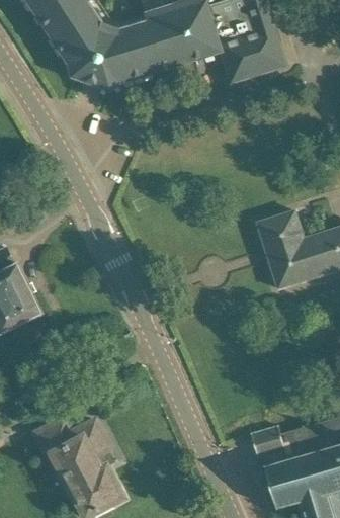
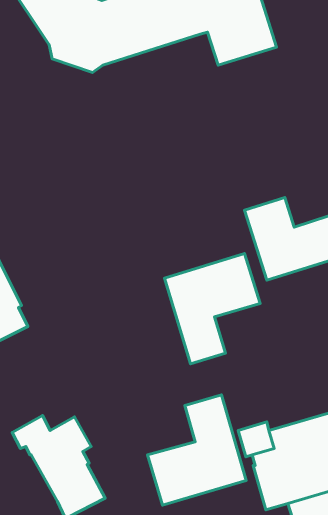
building: none -> [164,253,260,364]
building: none -> [148,395,246,505]

